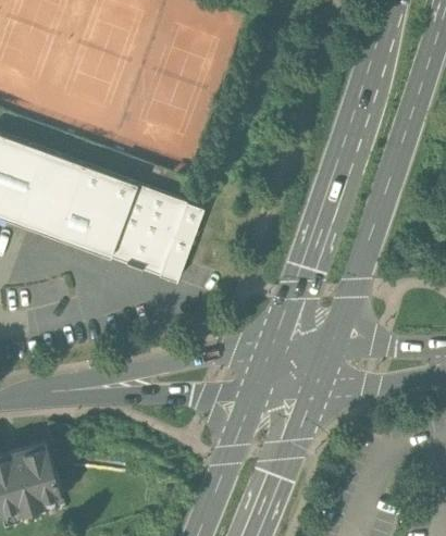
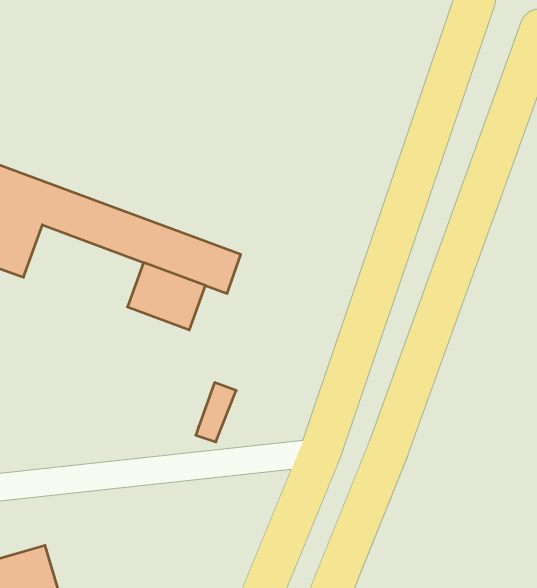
building: [28,187,125,260] -> none
building: [160,236,193,284] -> [196,383,236,442]

